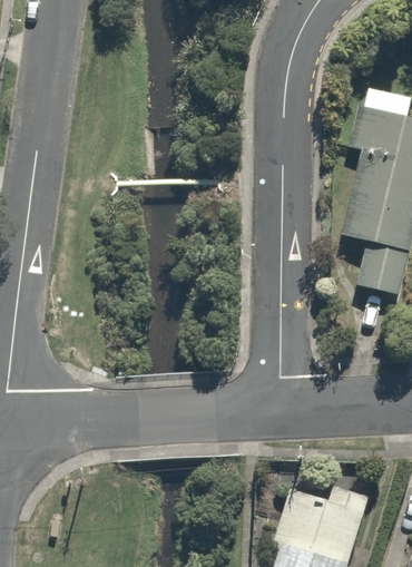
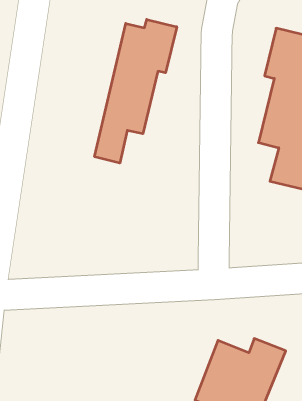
building: none -> [95,19,177,163]

